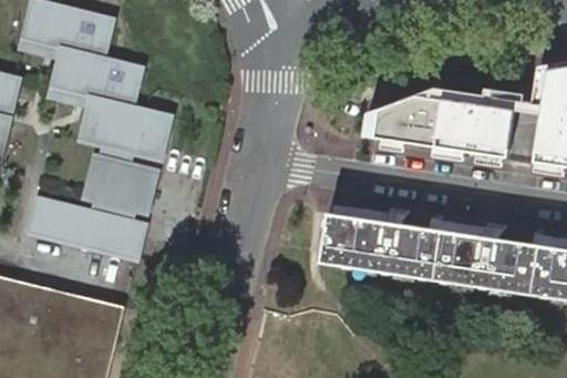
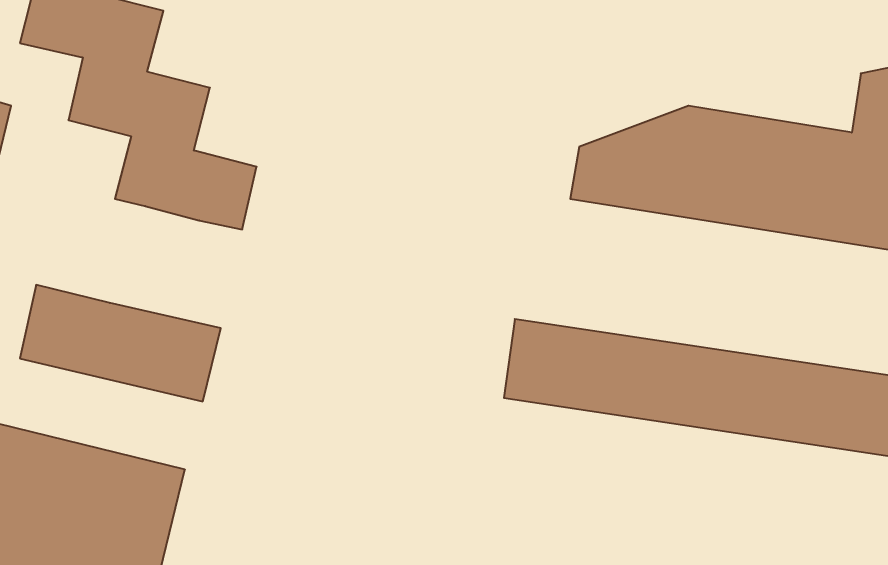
building: [79,144,161,219] -> none

